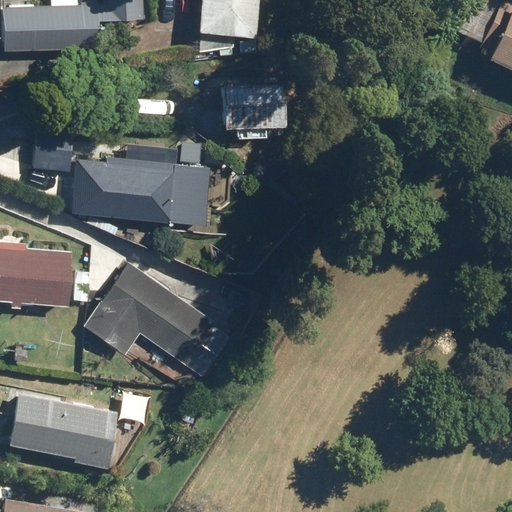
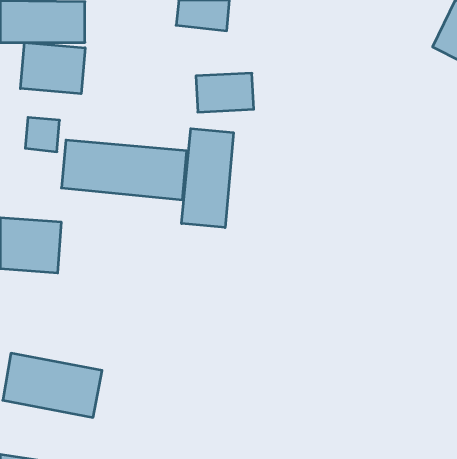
building: none -> [20,43,85,94]
building: none -> [182,129,233,228]
building: [83,263,229,375] -> none

